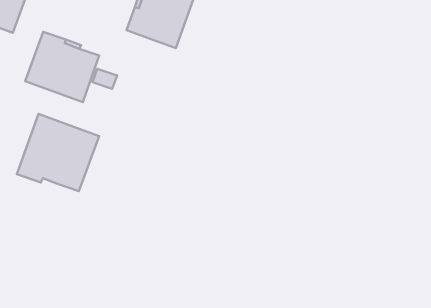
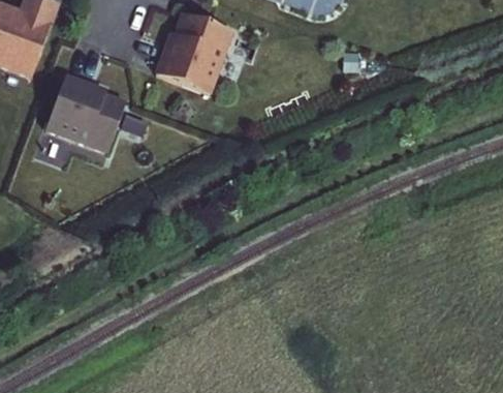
building: [17,114,99,191] -> none

